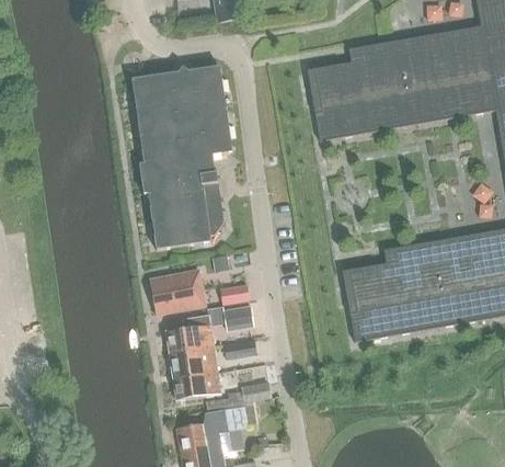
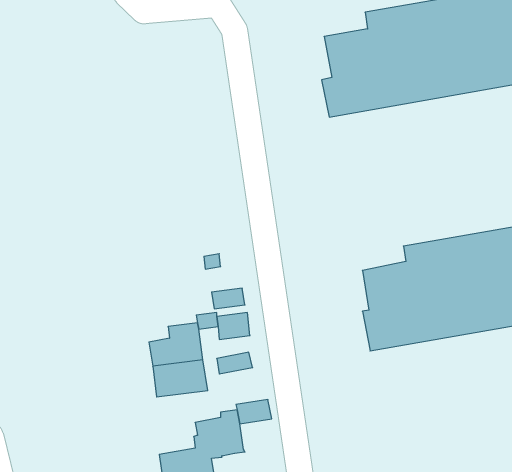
building: [131,66,231,249] -> none
building: [149,270,205,314] -> none
building: [173,373,220,400] -> none

